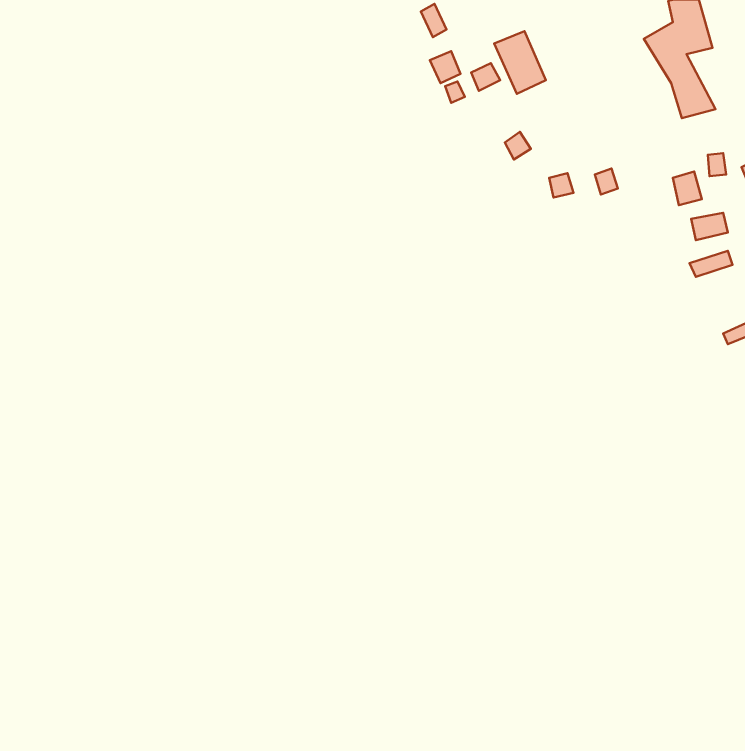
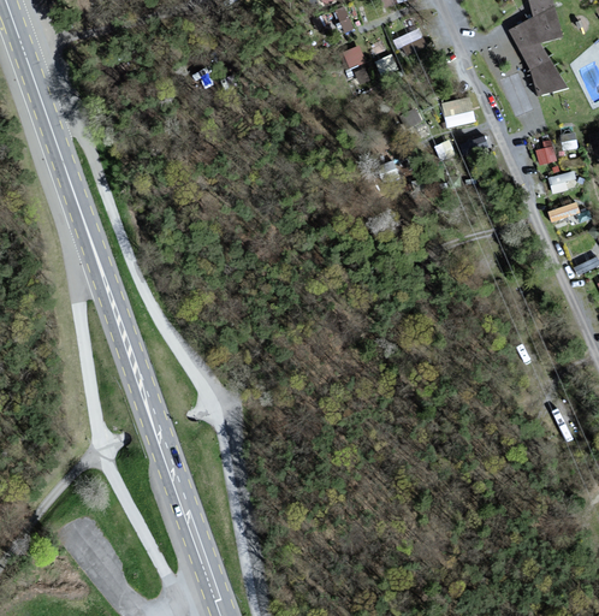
building: none -> [440,96,475,128]

